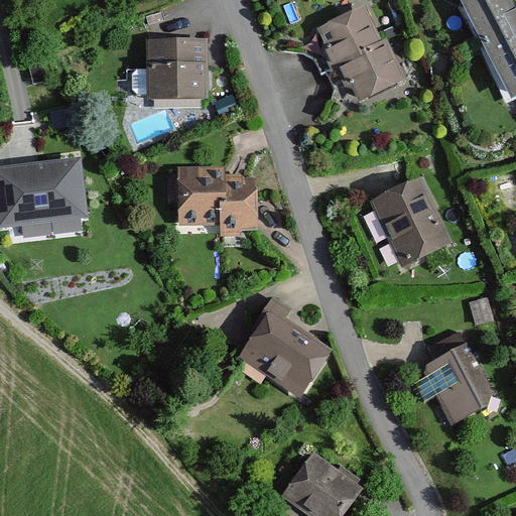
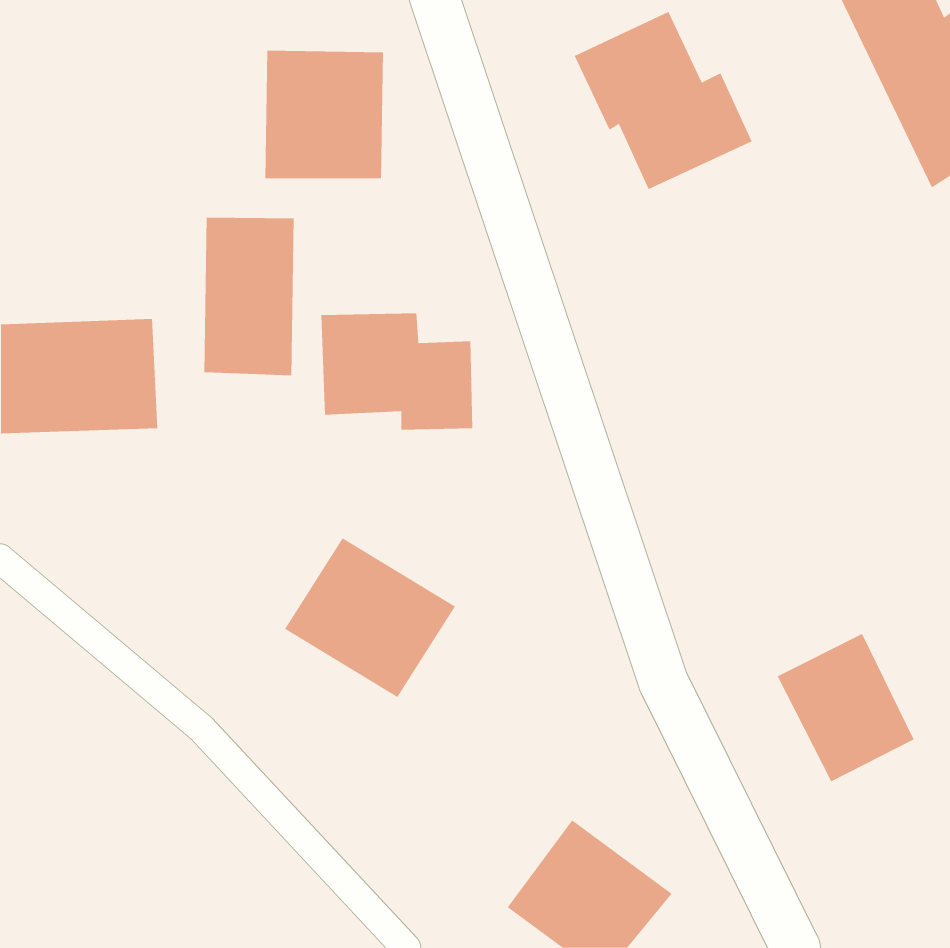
building: none -> [204,217,294,376]
building: [368,176,450,265] -> none
building: [239,308,332,395] -> [284,538,456,698]

